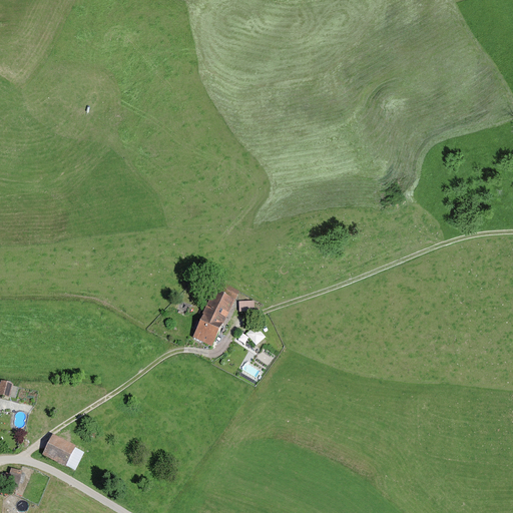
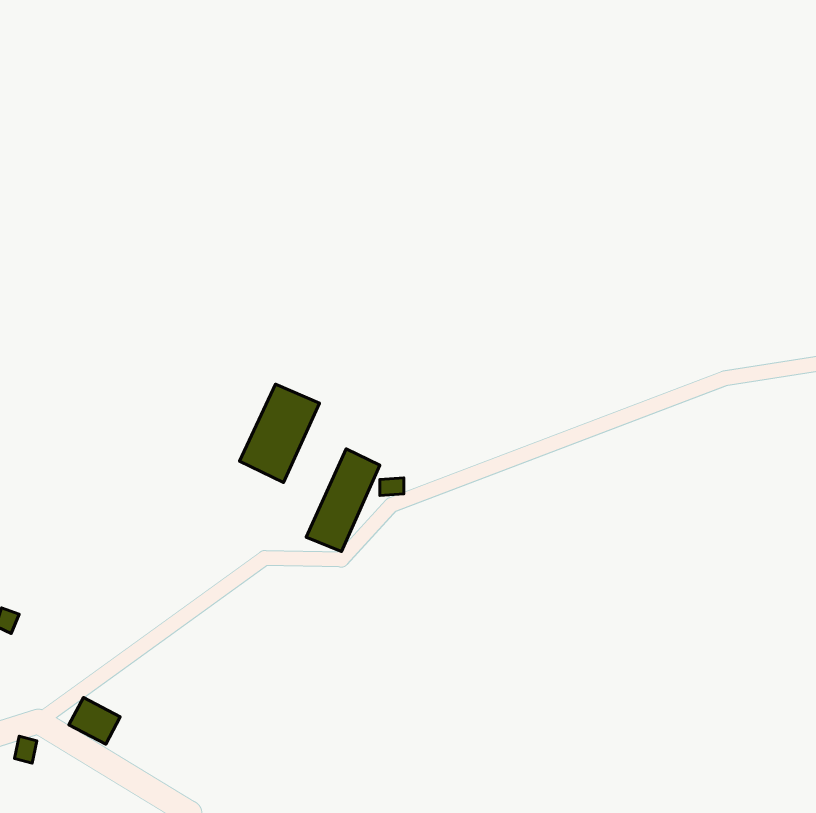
building: none -> [239,384,320,483]

